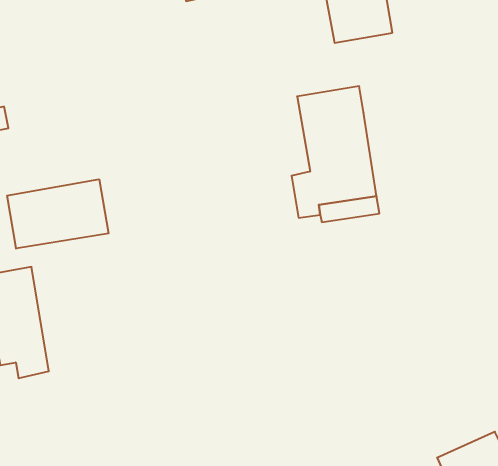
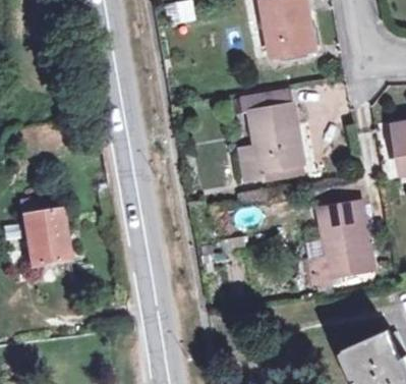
building: [7,179,109,249] -> none
building: none -> [307,203,369,286]

